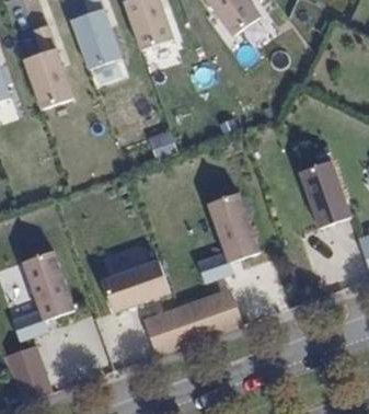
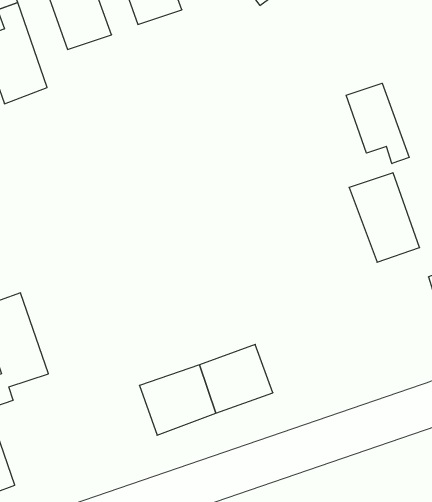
building: none -> [346,83,409,164]
building: [197,193,260,281] -> none
building: [103,260,170,311] -> none

